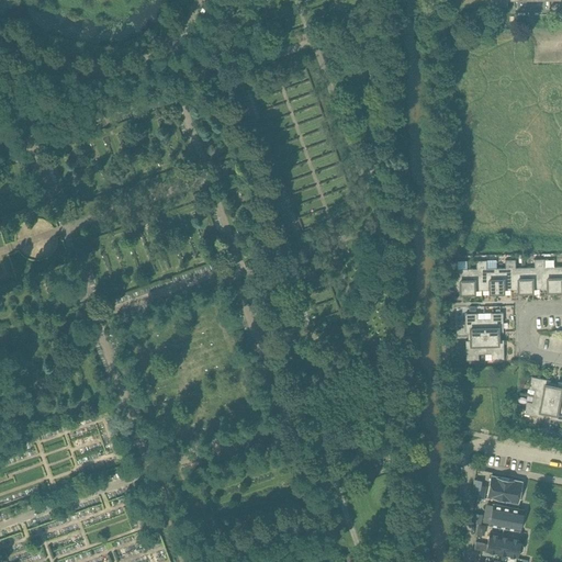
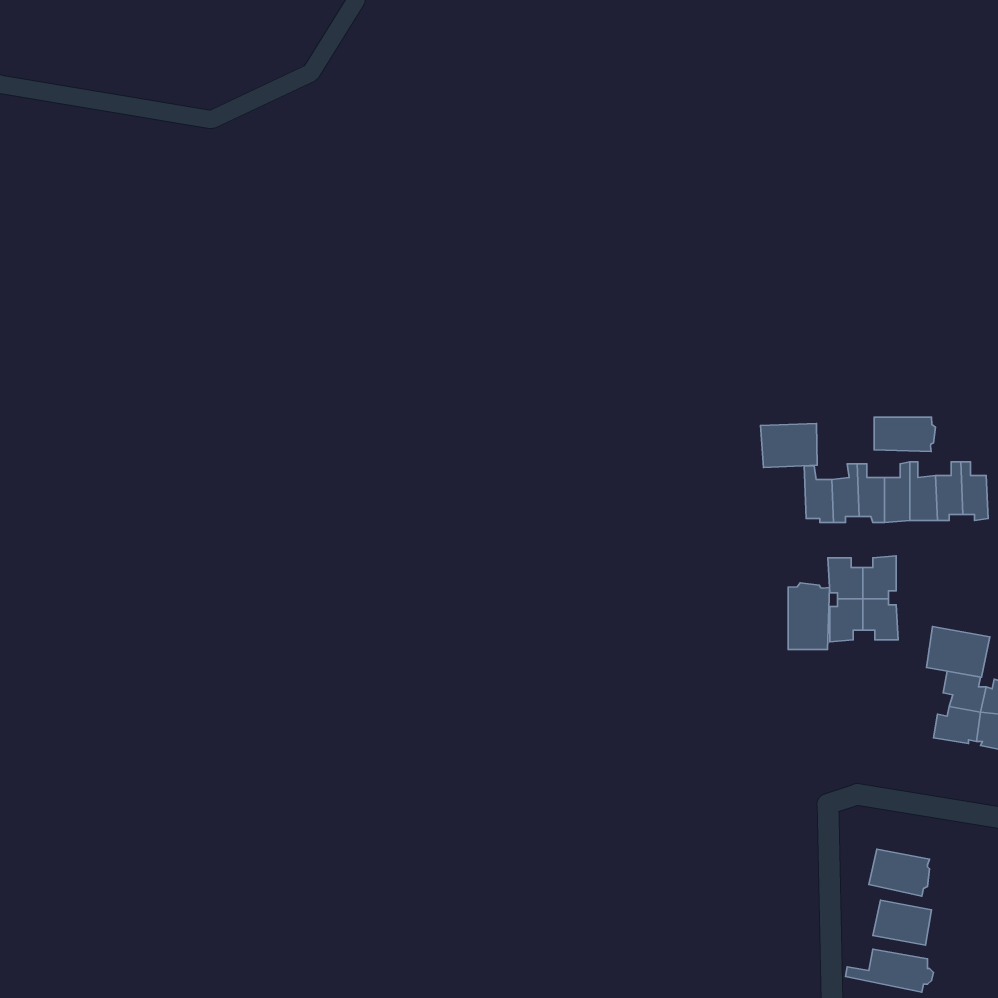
building: none -> [874,417,935,452]
building: none -> [761,423,817,468]
building: none -> [788,583,829,650]
building: none -> [926,627,990,677]

